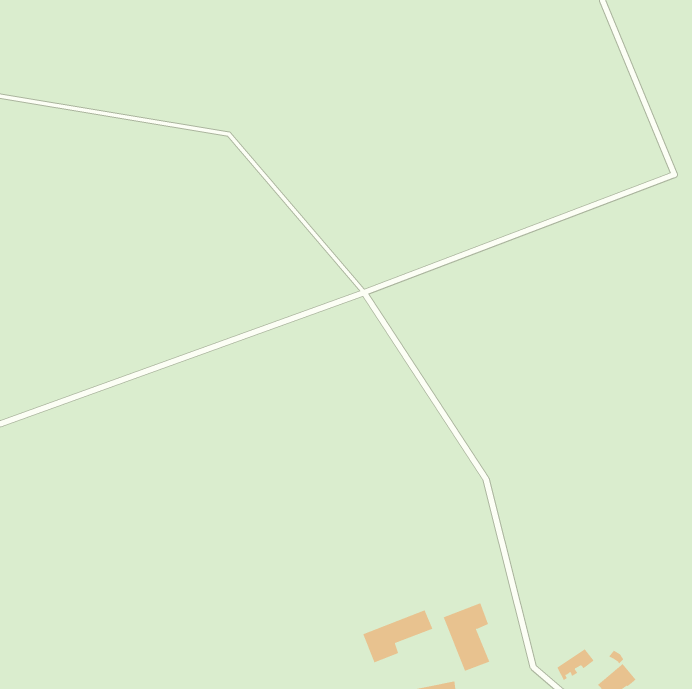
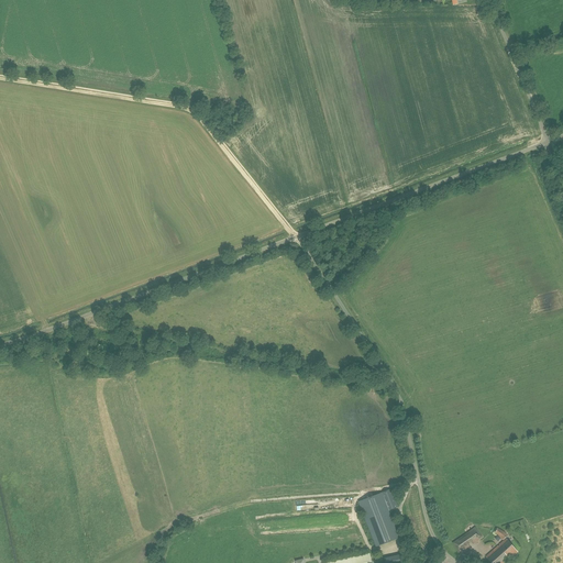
building: [362,610,433,663] -> none

